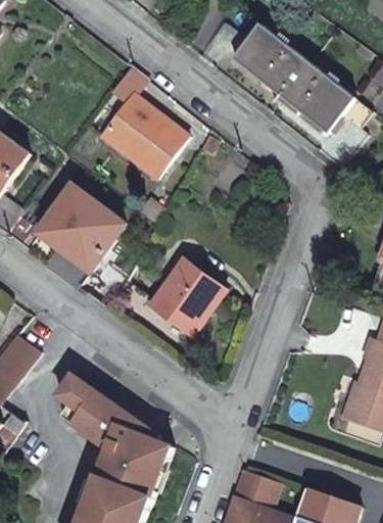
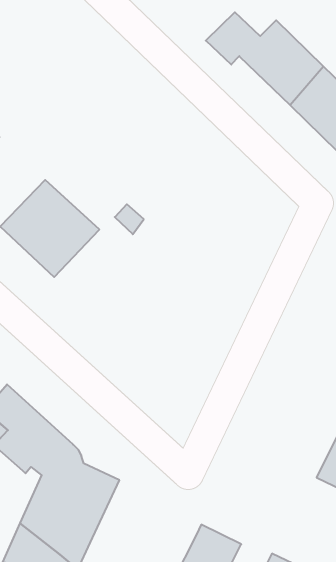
building: [102,70,188,178] -> none
building: [121,259,227,337] -> none

